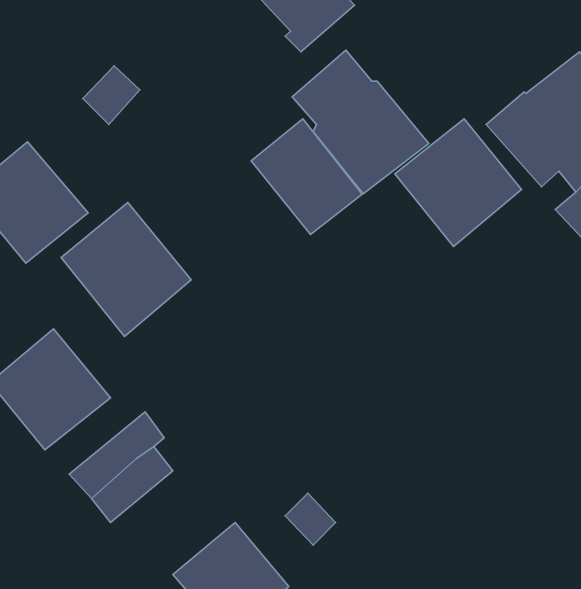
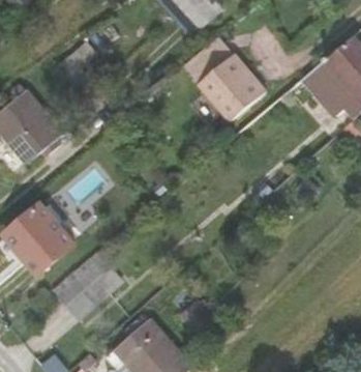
building: [251,119,362,234] -> none
building: [395,119,521,247] -> none
building: [61,203,191,336] -> none

